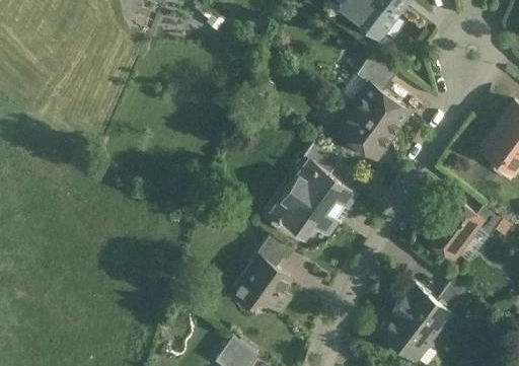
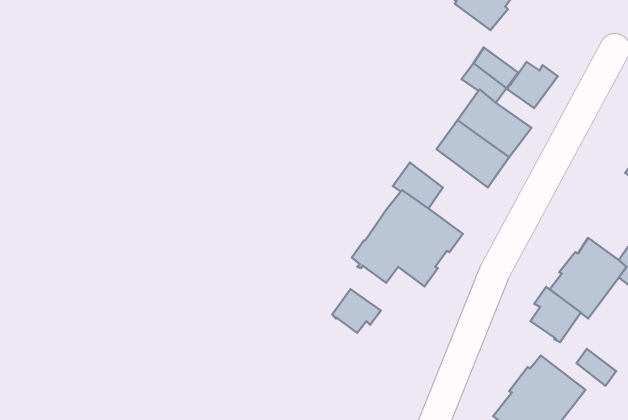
building: none -> [507,62,558,108]
building: none -> [530,287,581,342]
building: [231,260,286,306] -> none

